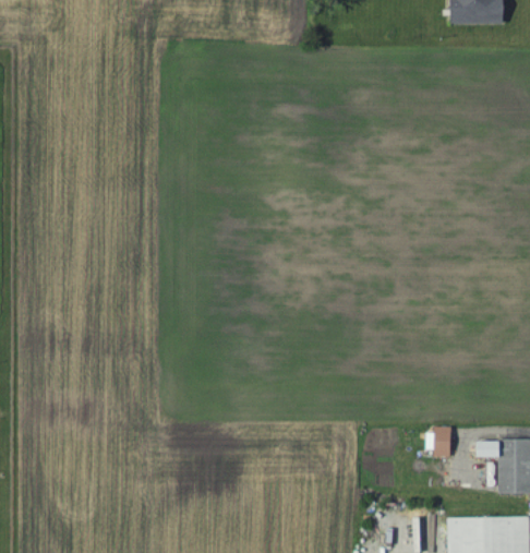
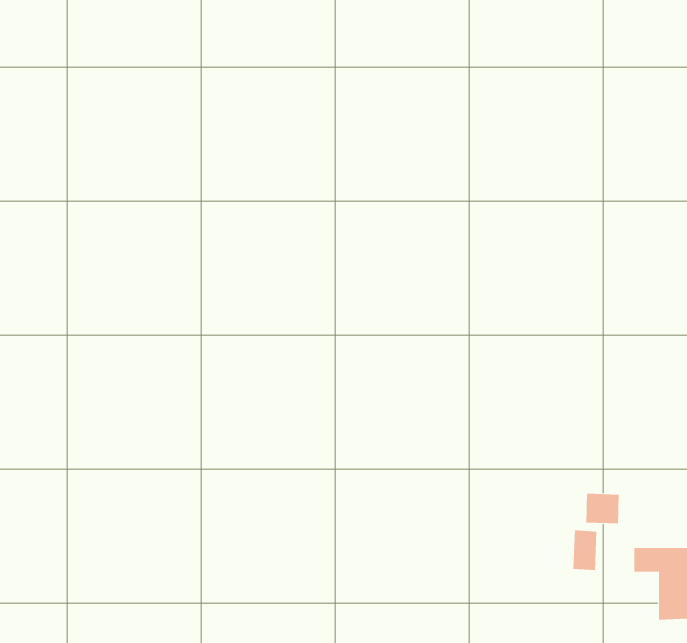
building: none -> [586,493,619,524]

